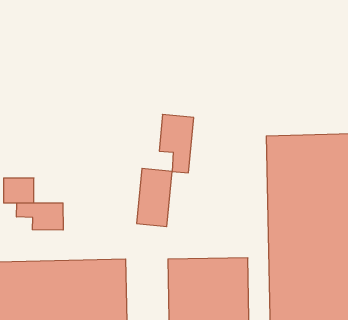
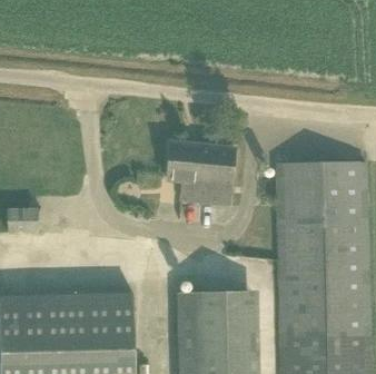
building: [137,168,172,227] -> [198,147,235,207]
building: [17,203,63,230] -> none

